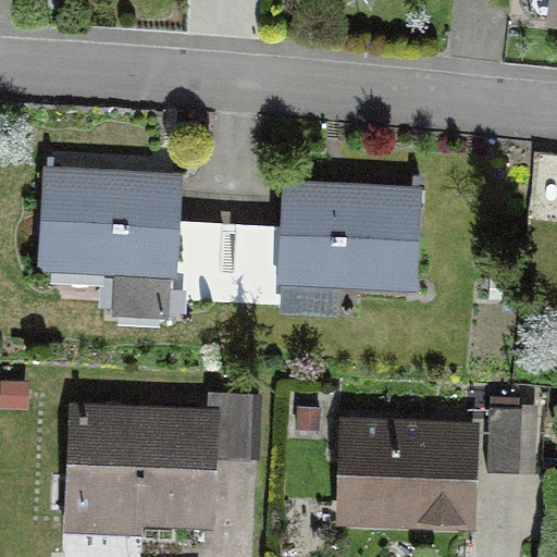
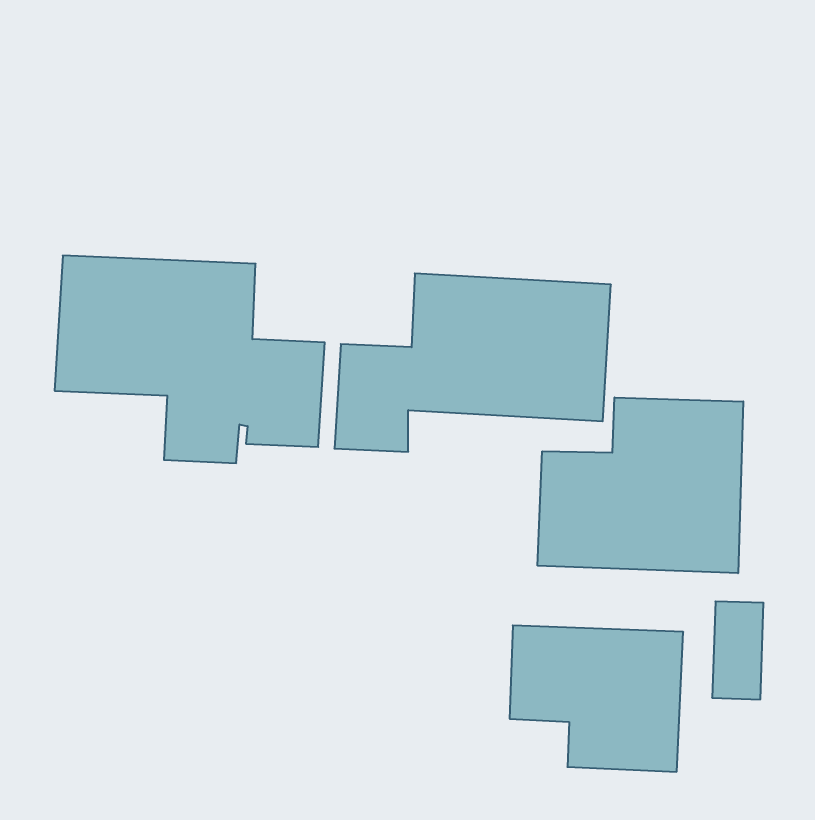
building: none -> [538,397,743,573]
building: [73,395,248,516] -> none

